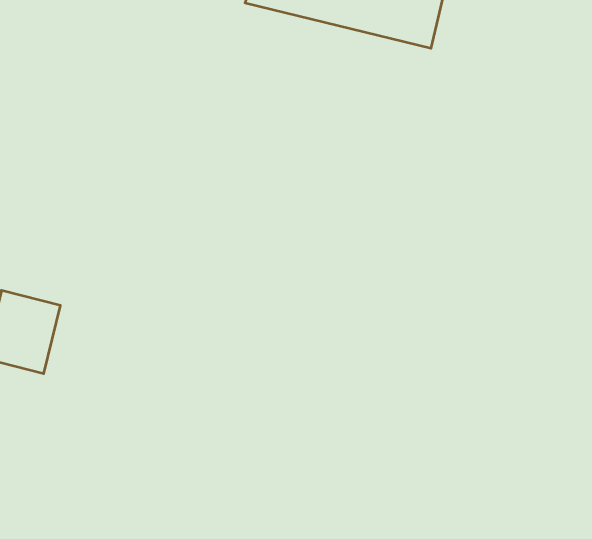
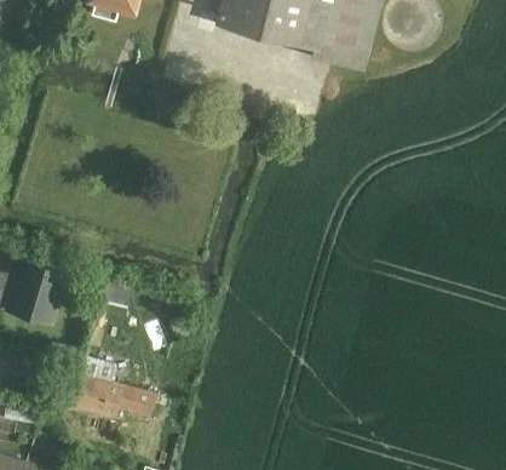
building: none -> [59,371,155,417]

